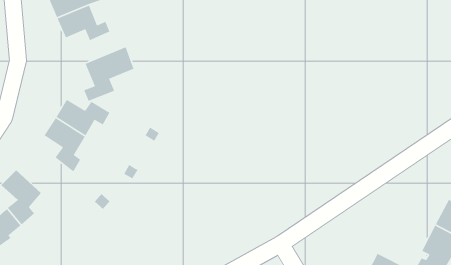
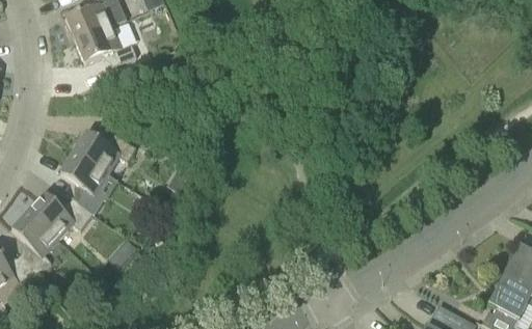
building: [83,46,135,102] -> none
building: none -> [29,192,92,238]

